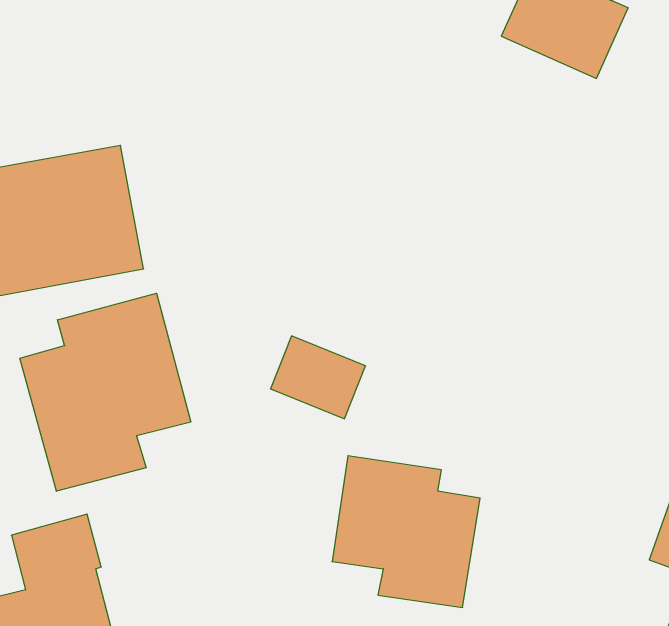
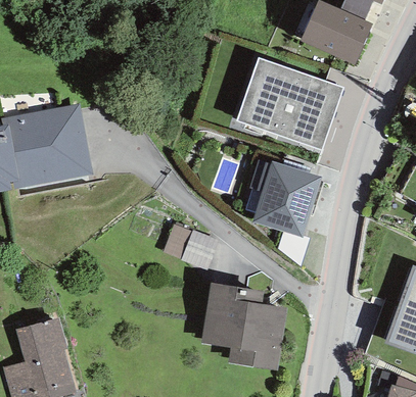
building: none -> [236,57,342,150]
building: none -> [251,161,321,237]
building: [20,293,191,491] -> none

